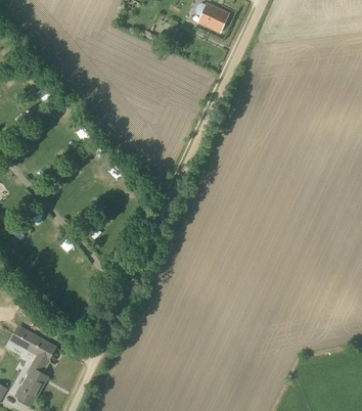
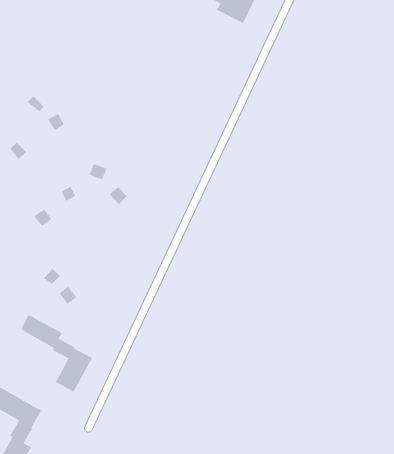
building: none -> [20,314,93,392]

